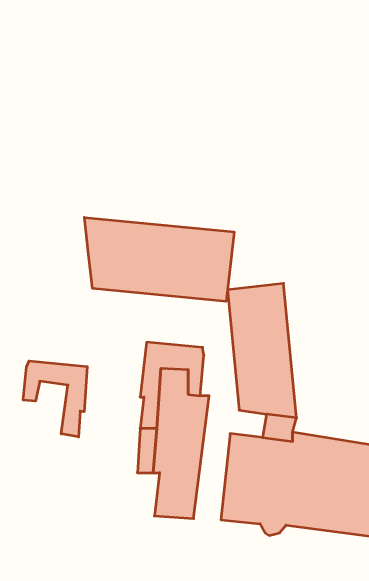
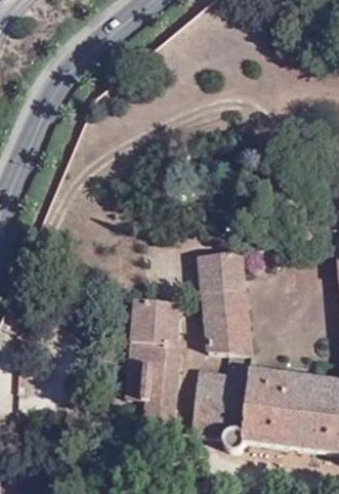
building: [84,217,234,301] -> none
building: [23,361,87,437] -> none

